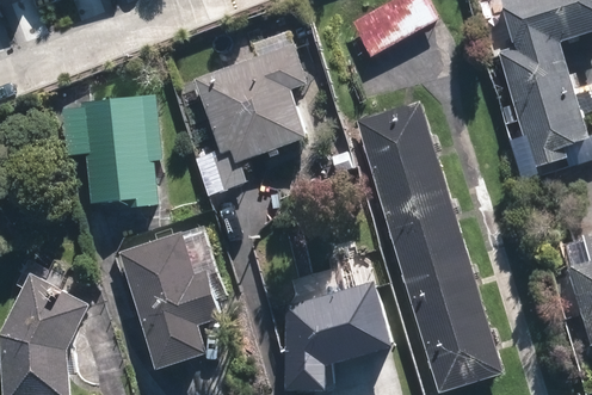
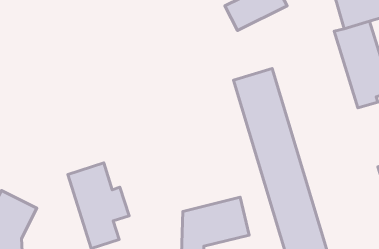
building: [202,53,301,183] -> none
building: [90,93,159,197] -> none

